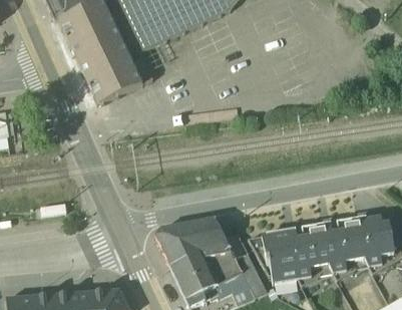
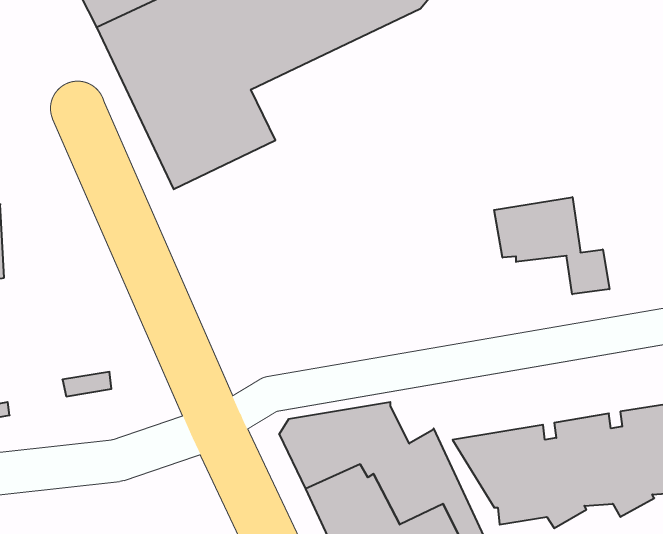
building: none -> [494,197,609,294]

